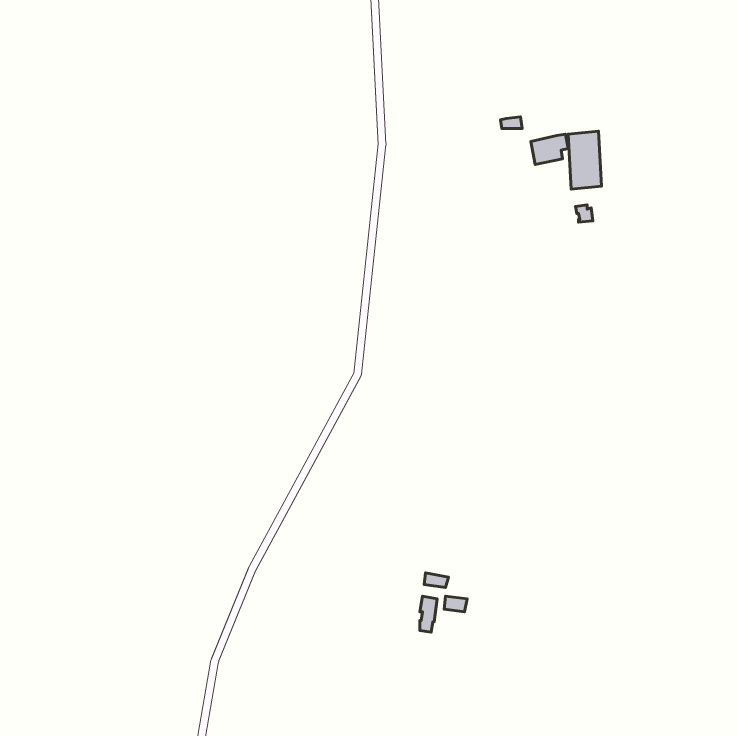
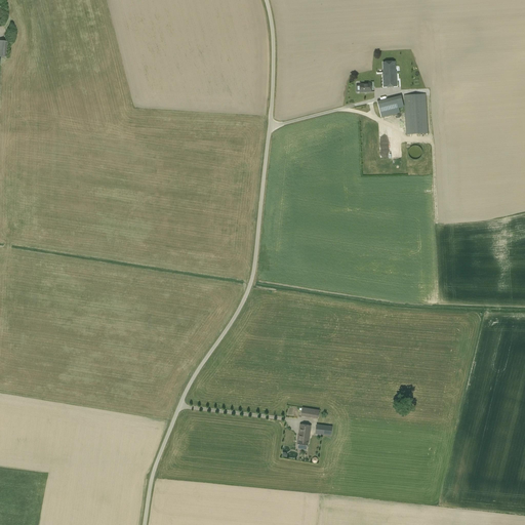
building: none -> [376,62,397,87]

